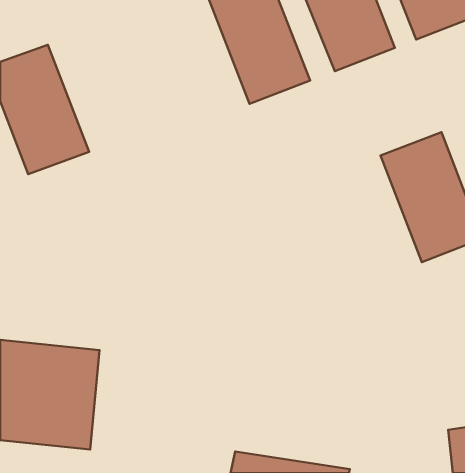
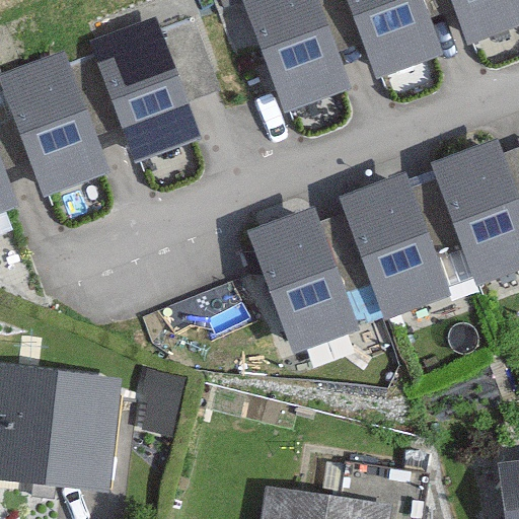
building: none -> [89,14,200,155]
building: none -> [339,177,449,318]
building: none -> [247,213,358,354]

